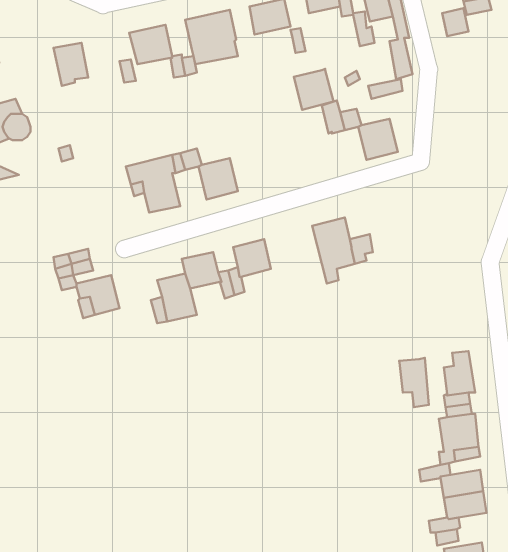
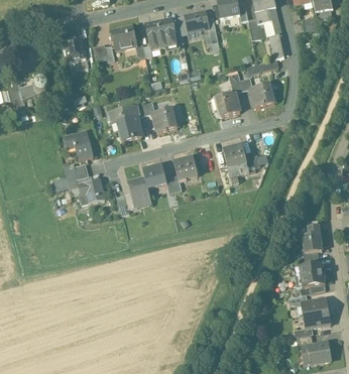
building: [294,69,334,110] -> [215,92,239,117]
building: none -> [63,130,93,160]
building: [399,358,429,407] -> none

